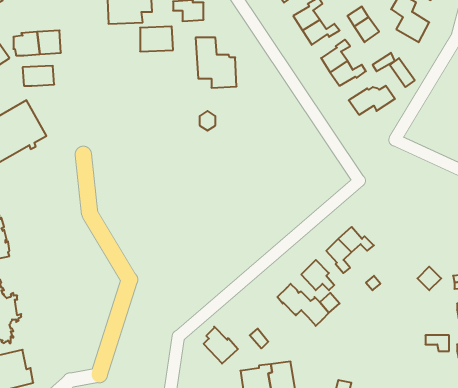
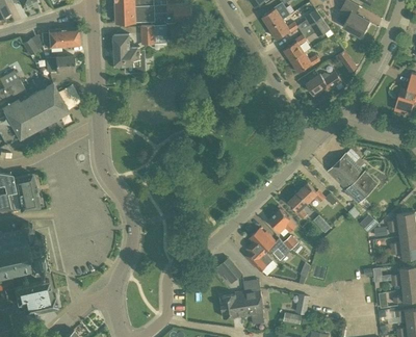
building: [196,38,237,88] -> [113,34,146,74]
building: none -> [328,147,378,204]
building: [204,327,238,364] -> [245,242,272,271]

